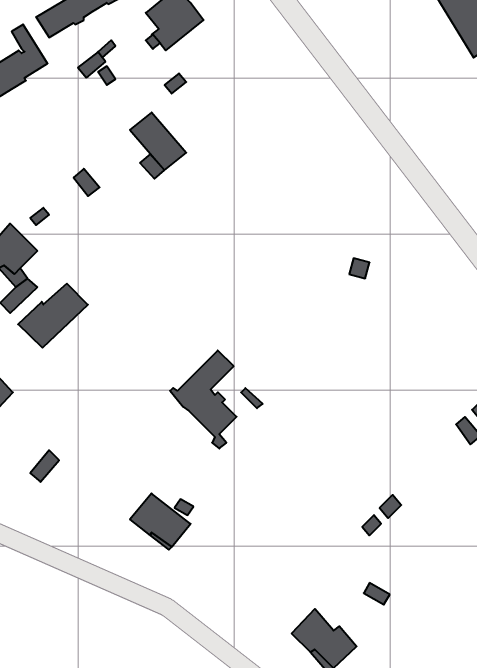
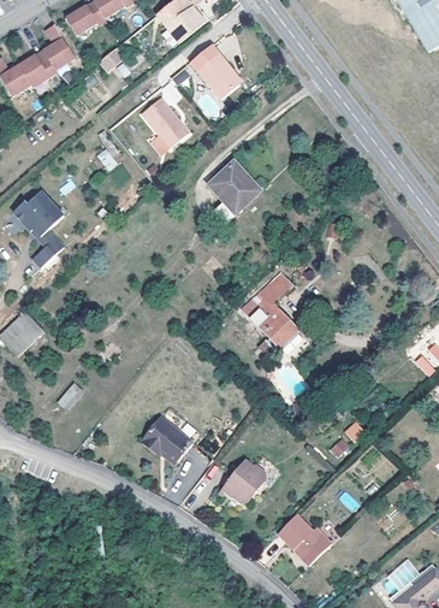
building: none -> [191,43,239,98]
building: none -> [208,160,260,219]
building: [18,284,88,348] -> none
building: [170,350,237,449] -> [239,272,295,354]
building: none -> [226,460,265,500]

